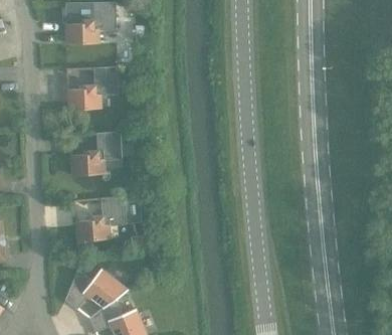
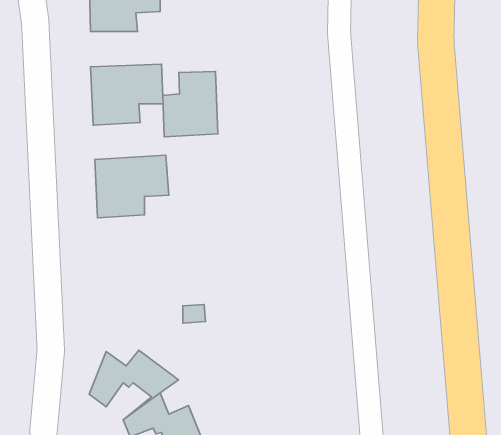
building: none -> [163,71,218,137]
building: [73,197,127,241] -> none

